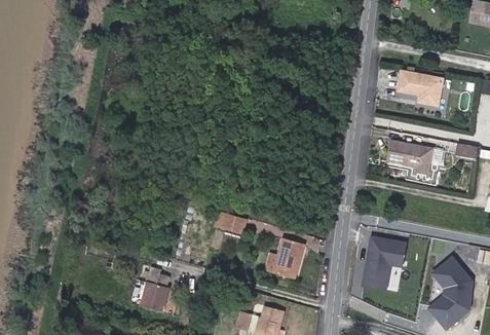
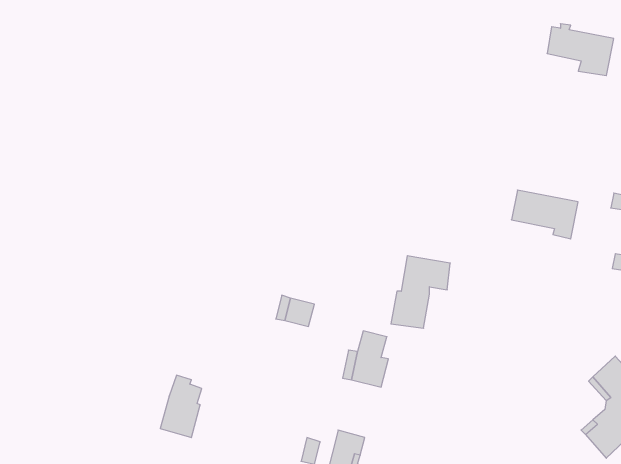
building: [395,69,442,105] -> [547,24,614,76]
building: [362,236,403,287] -> [391,256,450,328]

